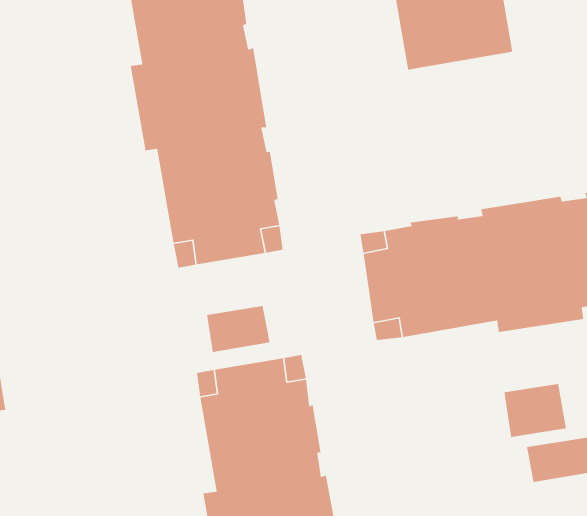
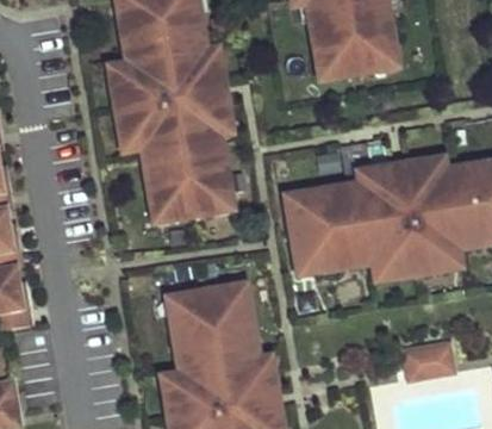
building: [206,305,270,353] -> none
building: [504,383,567,438] -> none

